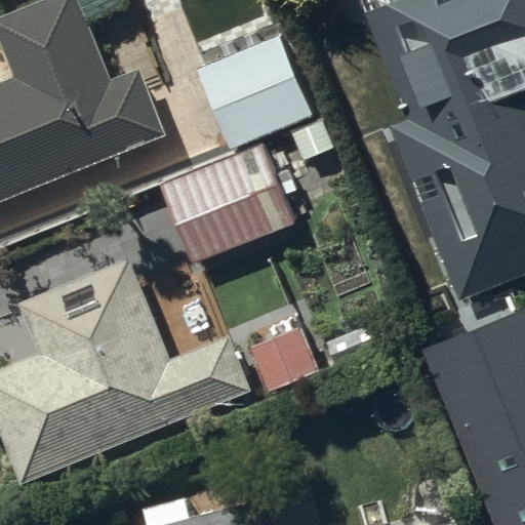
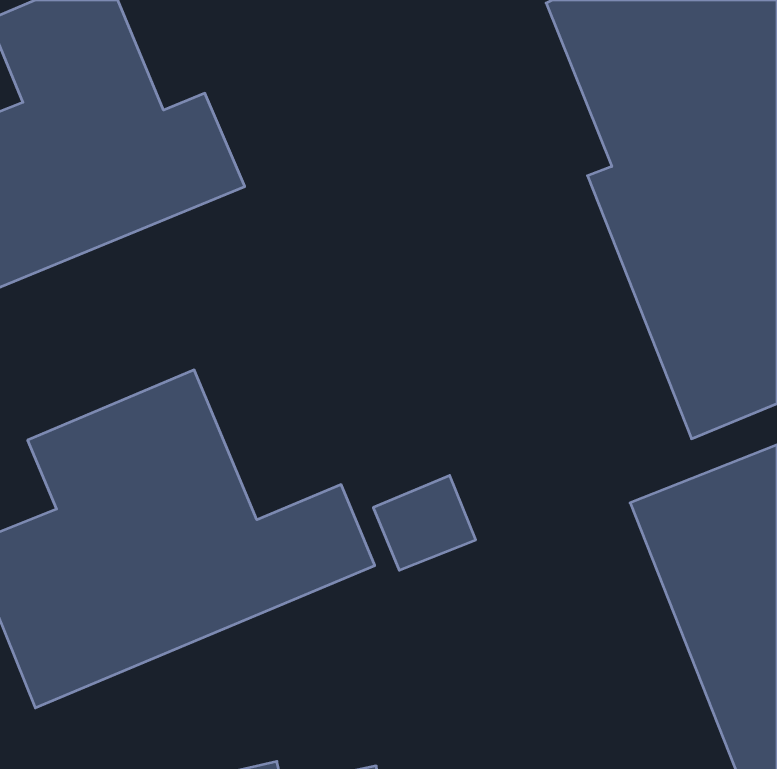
building: [198,37,313,150] -> none
building: [161,147,291,264] -> none

